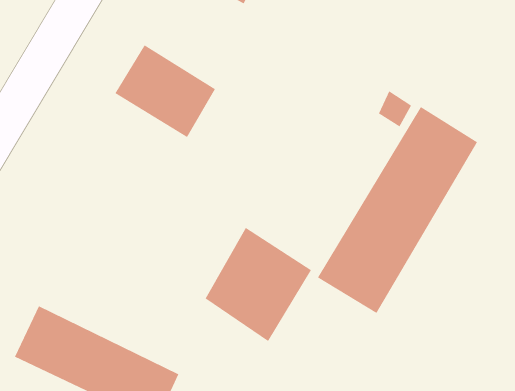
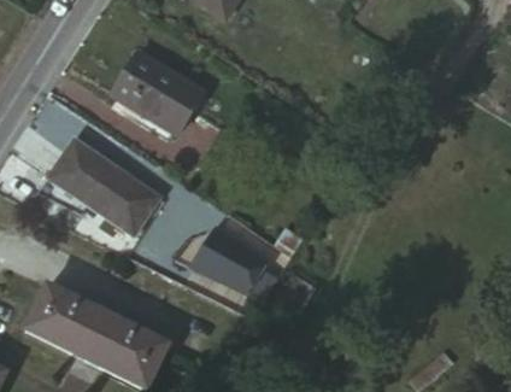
building: [317,106,478,314] -> none
building: none -> [43,135,154,229]

